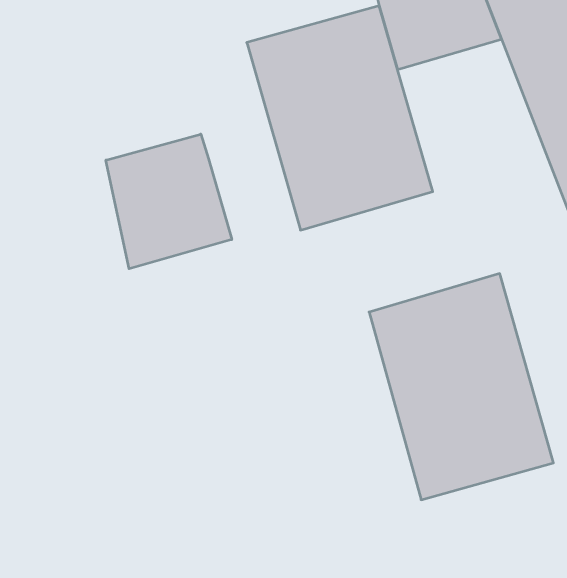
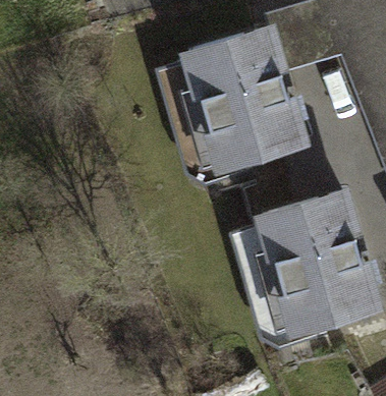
building: [106,134,232,269] -> none

